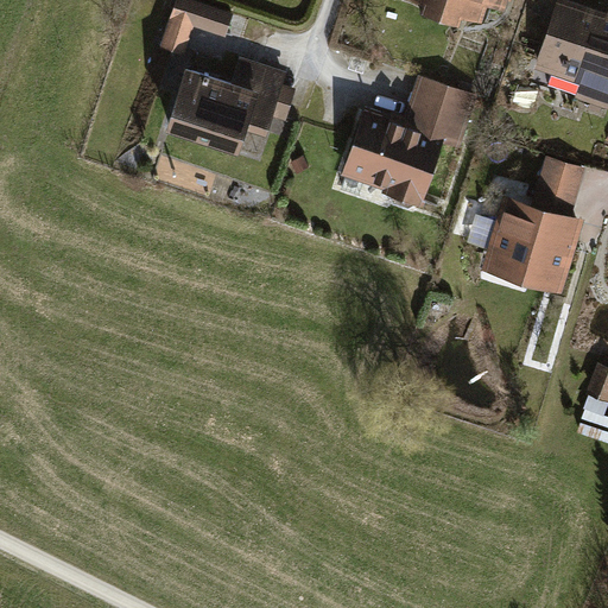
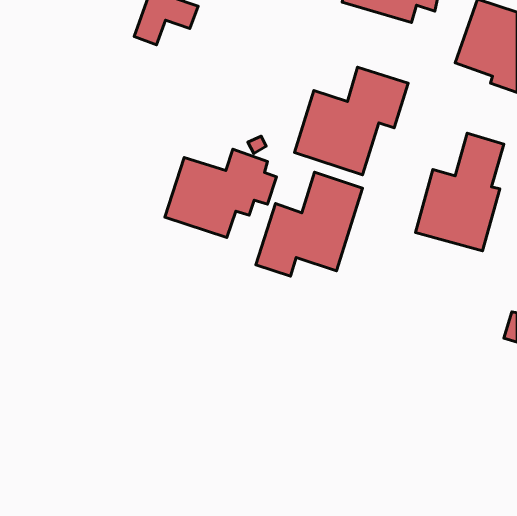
building: [162,49,292,152] -> [165,149,277,238]
building: none -> [256,172,363,276]

